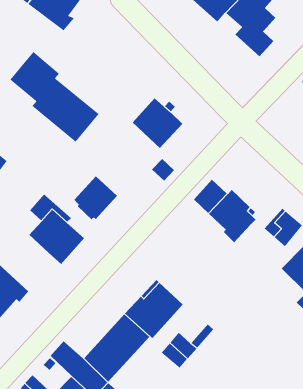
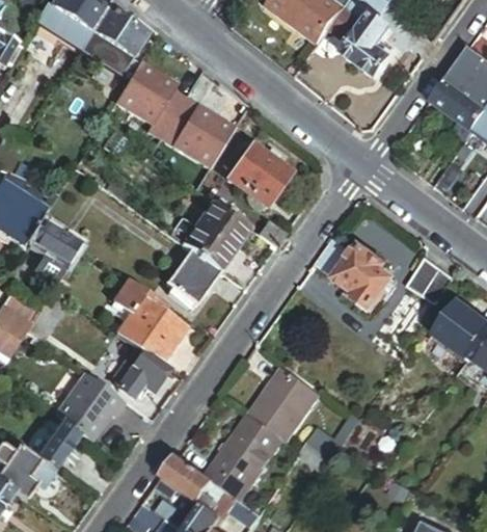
building: [9,51,99,143] -> [116,58,233,164]
building: none -> [183,200,251,270]
building: none -> [115,351,170,397]

